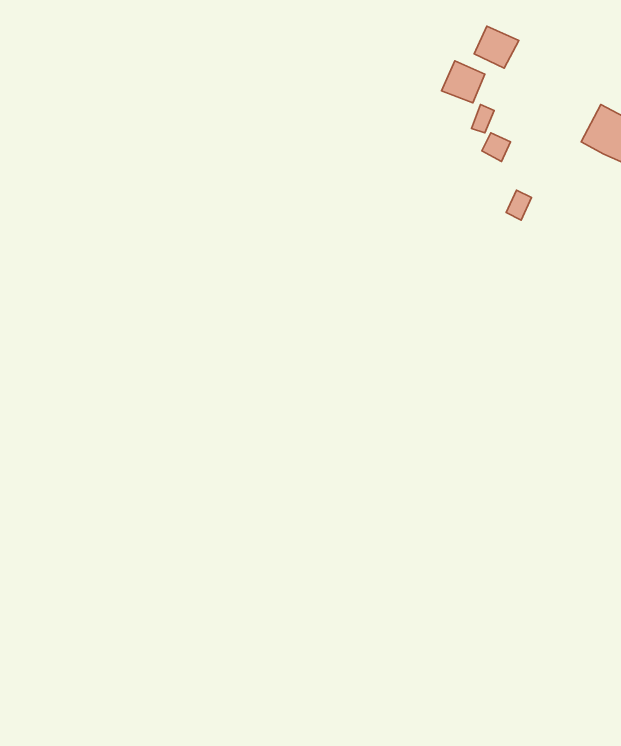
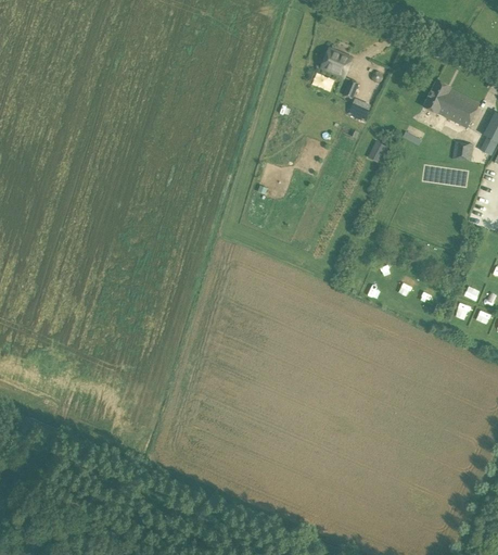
building: [474,26,519,68] -> none

